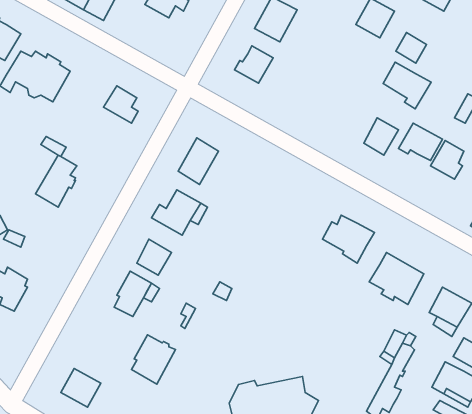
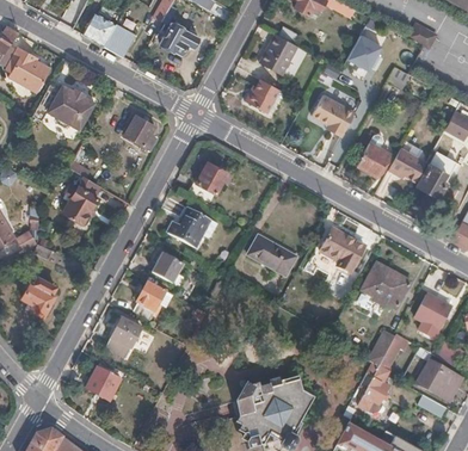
building: [383,62,431,109] -> [312,94,355,136]
building: none -> [247,235,296,276]
building: [131,335,175,384] -> [105,316,144,360]

